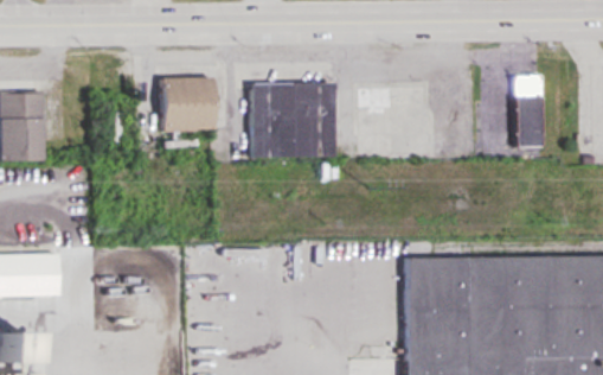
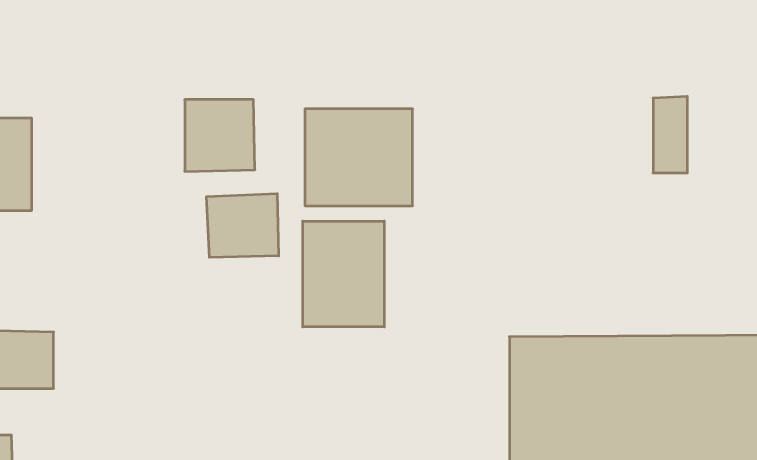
building: none -> [207,194,279,257]
building: none -> [303,221,384,327]

